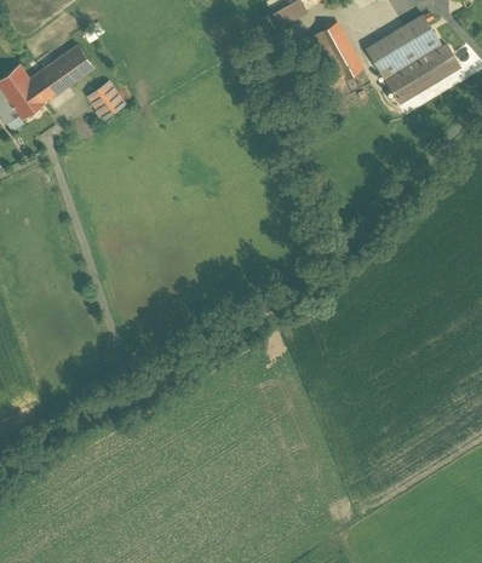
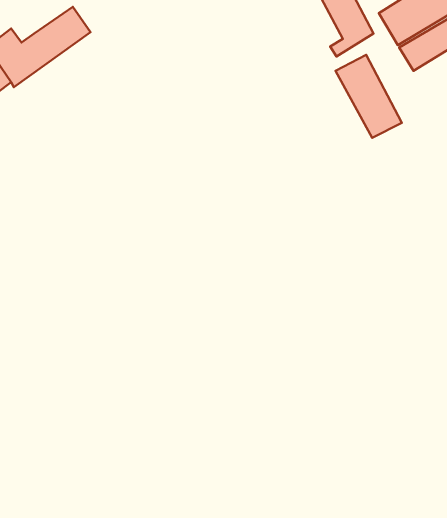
building: [90,80,126,117] -> none
building: none -> [335,55,402,138]

